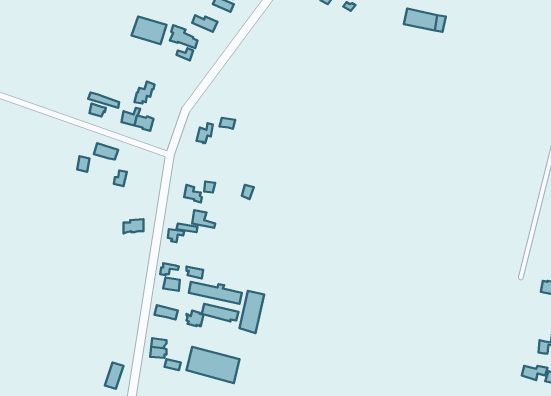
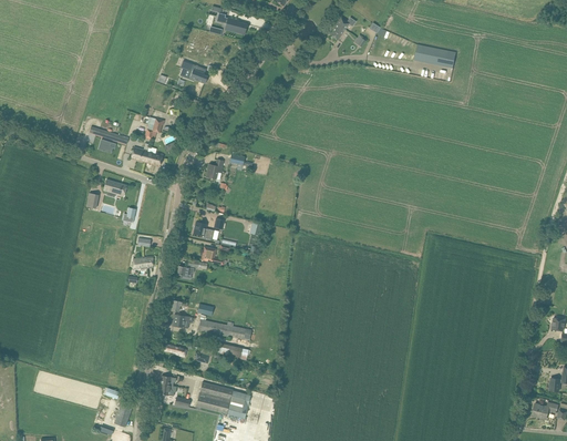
building: [131,17,166,44] -> none
building: [240,291,264,333] -> none

